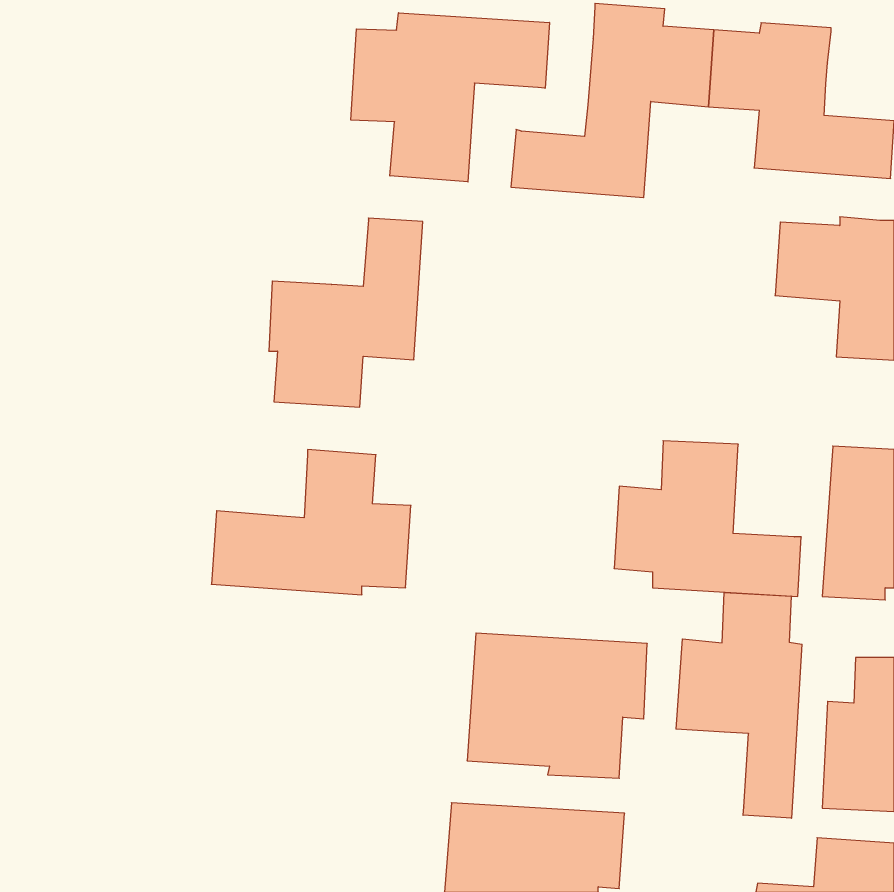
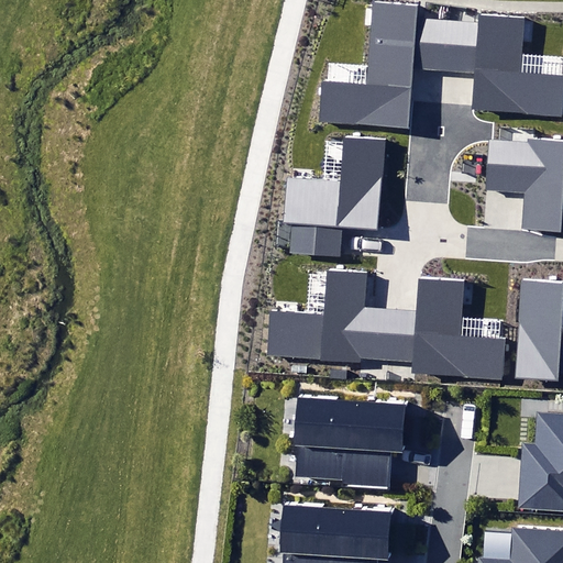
building: [351,13,549,182] -> none
building: [269,218,423,407] -> [285,140,382,258]
building: [211,450,411,595] -> [264,271,389,362]
building: [676,592,802,818] -> none

